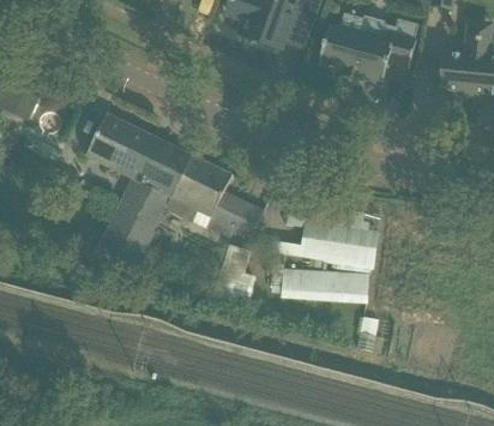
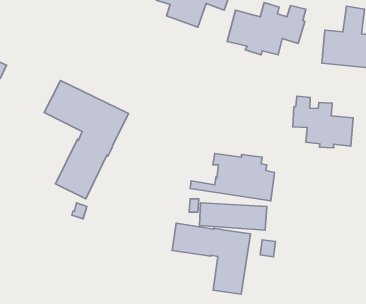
building: none -> [293,96,353,148]
building: [165,156,263,241] -> none
building: none -> [172,223,250,294]

